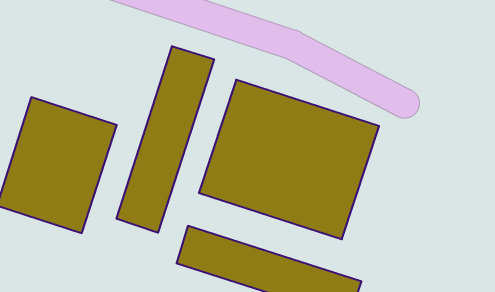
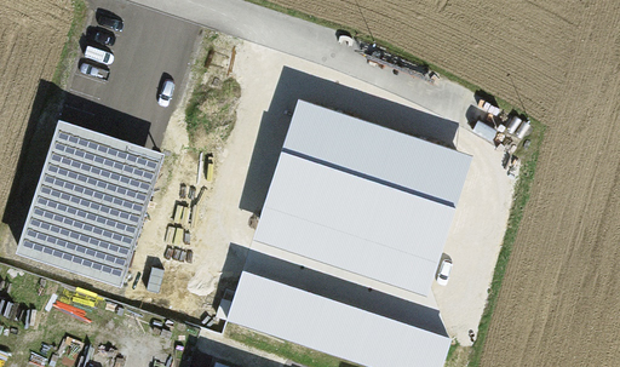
building: [117,46,214,233] -> none

